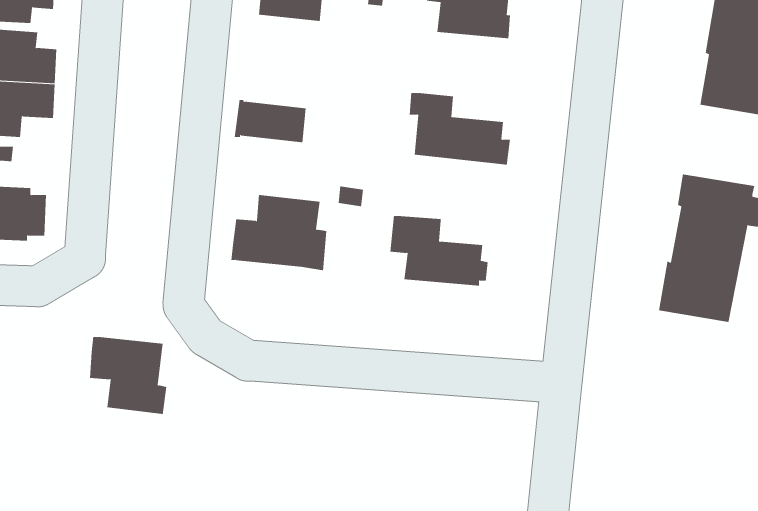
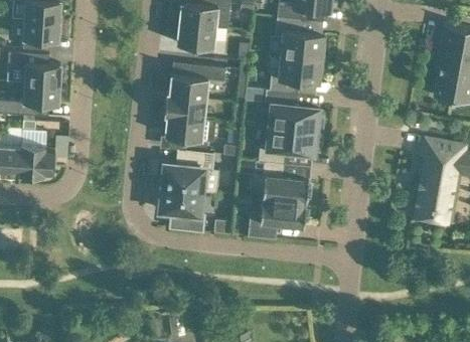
building: none -> [270,54,323,93]
building: none -> [169,64,225,99]
building: none -> [165,115,215,147]
building: none -> [258,126,322,163]
building: none -> [248,198,309,239]
building: [89,337,167,414] -> [159,187,204,232]

